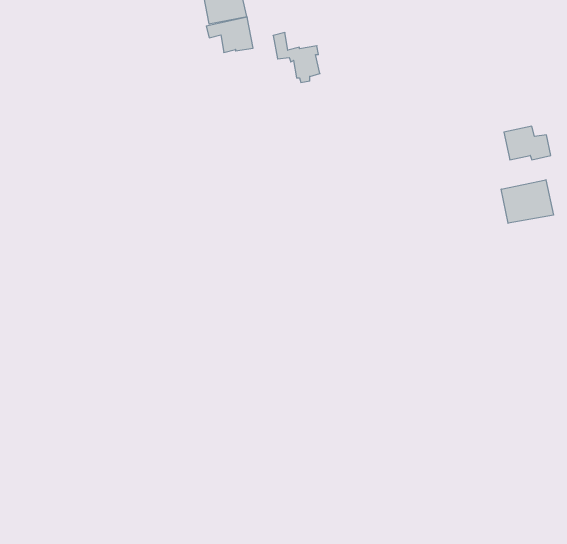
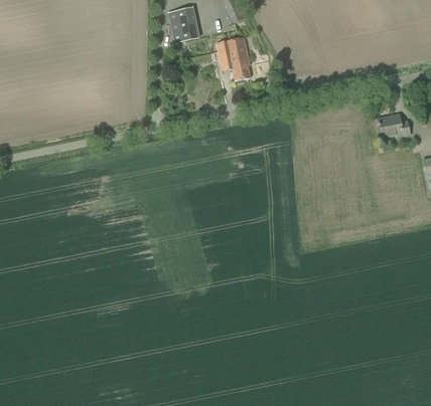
building: [206,17,253,52] -> [217,36,249,60]
building: [501,180,553,223] -> none

